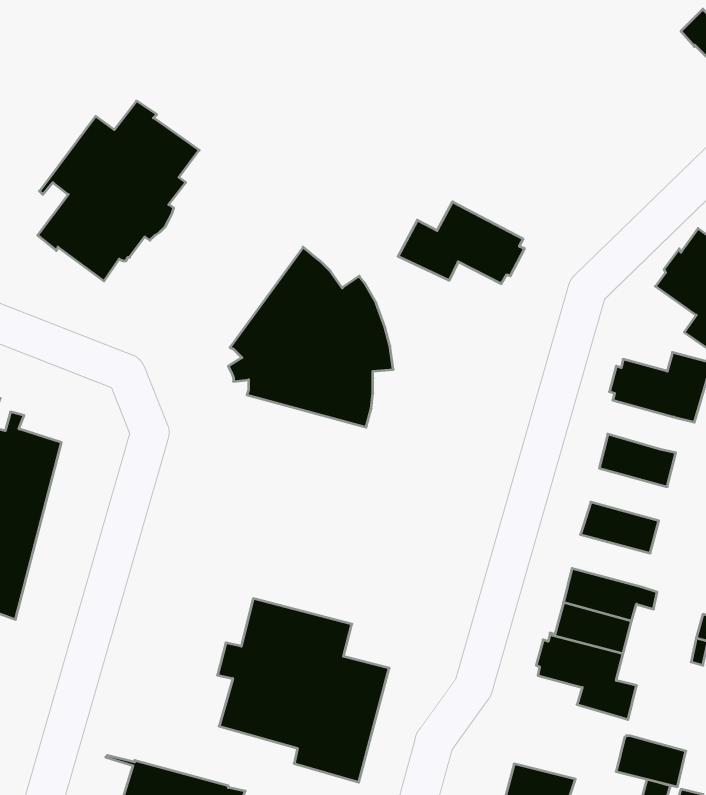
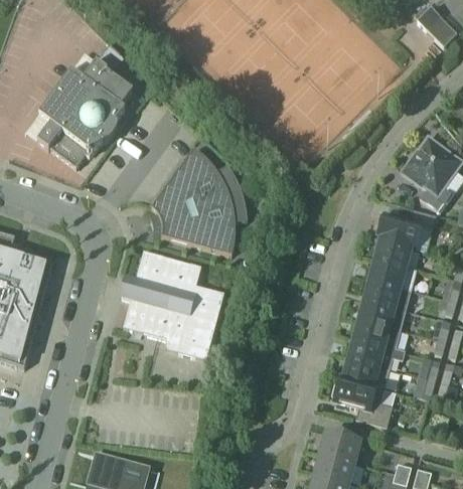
building: [398,202,524,284] -> none
building: none -> [373,237,413,267]
building: none -> [363,278,409,309]
building: none -> [352,317,399,348]
building: [217,599,389,782] -> [121,251,222,359]
building: [616,736,686,787] -> [318,432,359,462]

